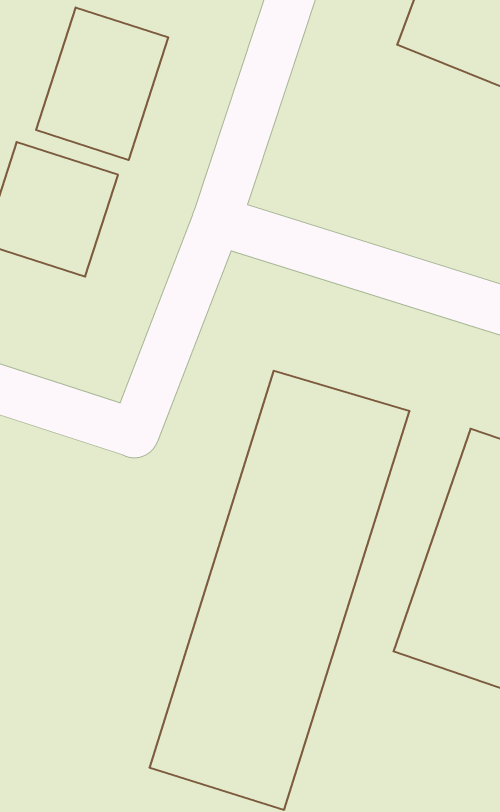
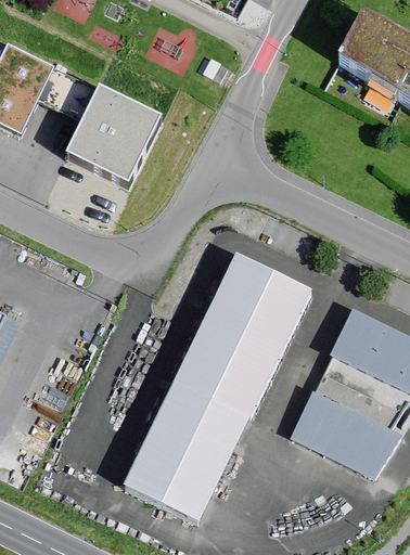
building: [36,7,168,160] -> none

